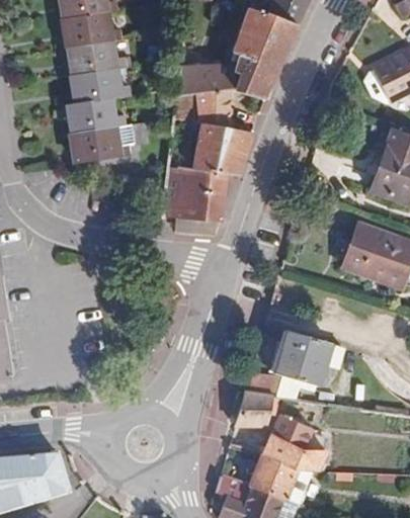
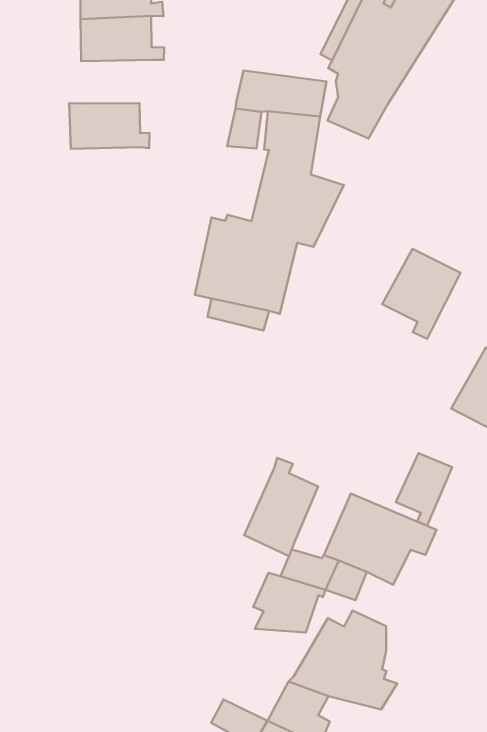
building: [72,68,131,102] -> none
building: [73,125,129,161] -> none
building: none -> [382,249,460,339]
building: none -> [396,453,452,526]
building: none -> [244,458,318,556]

